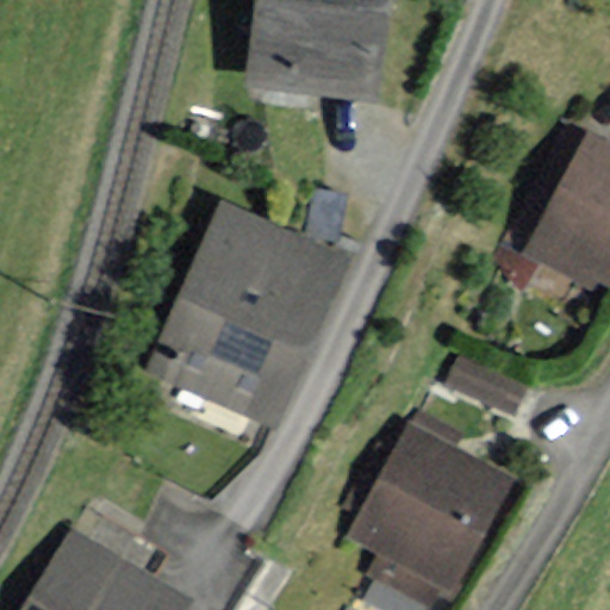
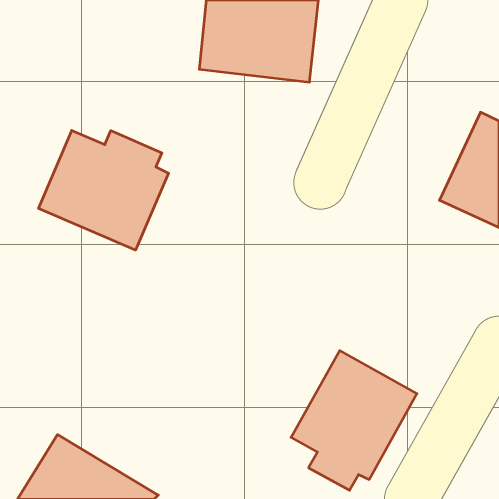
building: none -> [39,130,169,250]
building: [154,203,351,421] -> none

